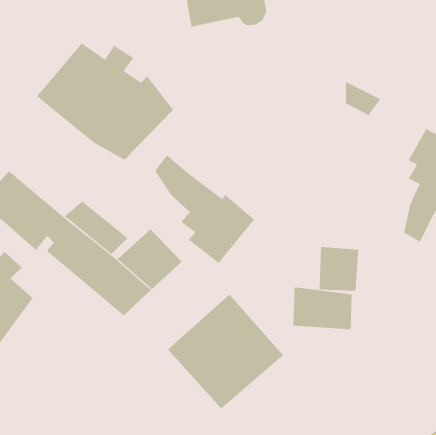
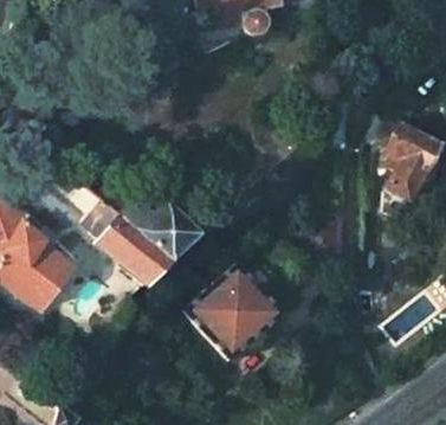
building: [36,43,174,160] -> none
building: [155,154,255,264] -> none
building: [293,287,352,330] -> none

